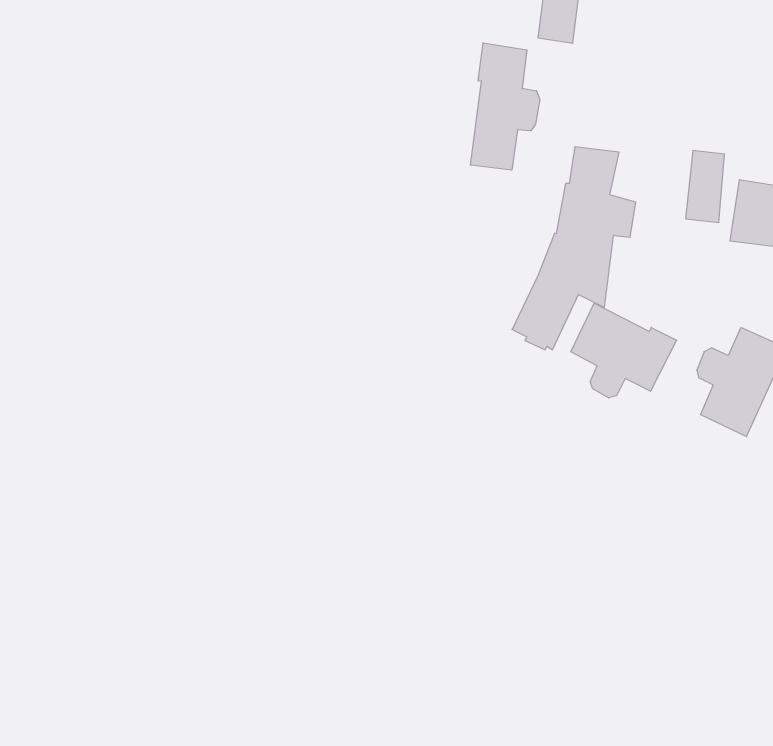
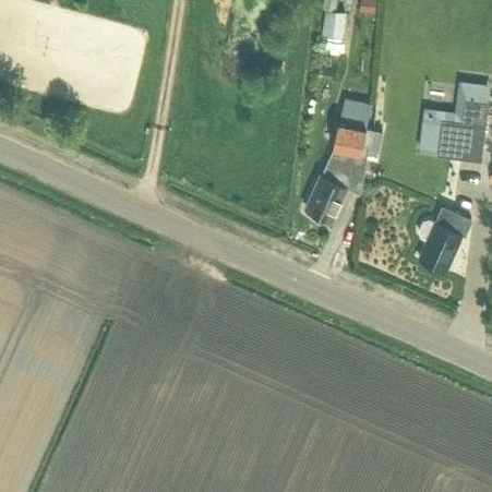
building: [470,43,540,170] -> none
building: [571,303,677,398] -> none

